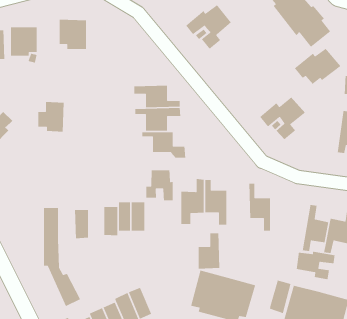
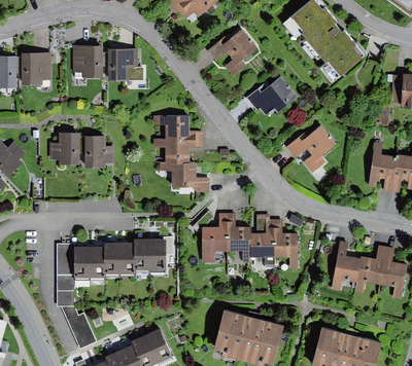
building: none -> [108,48,144,80]
building: [294,48,342,85] -> [247,76,298,115]
building: none -> [84,135,114,170]
building: [145,169,174,201] -> none
building: none -> [106,242,122,273]
building: none -> [74,246,92,278]
building: [198,233,220,269] -> [252,218,276,257]
building: [296,251,336,280] -> none
building: [269,279,292,314] -> none

